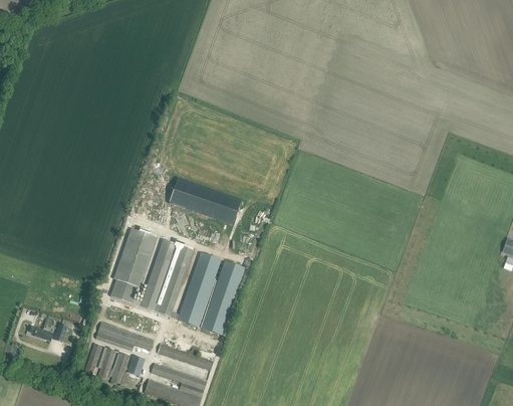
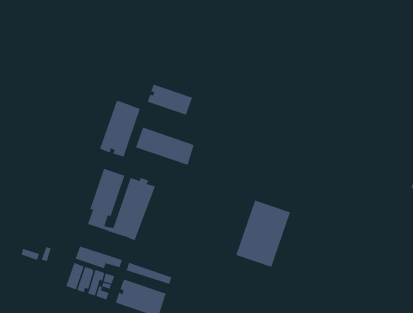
building: none -> [147,84,192,115]
building: none -> [100,100,141,157]
building: [178,252,245,335] -> [235,200,291,268]

